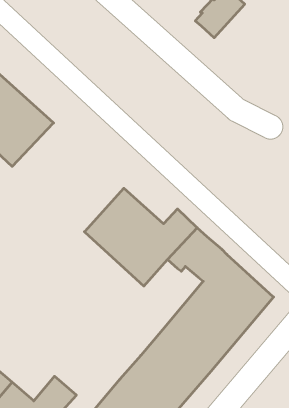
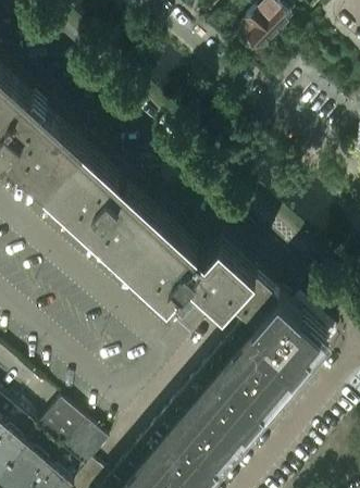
building: none -> [37,150,160,270]
building: none -> [37,408,84,455]

